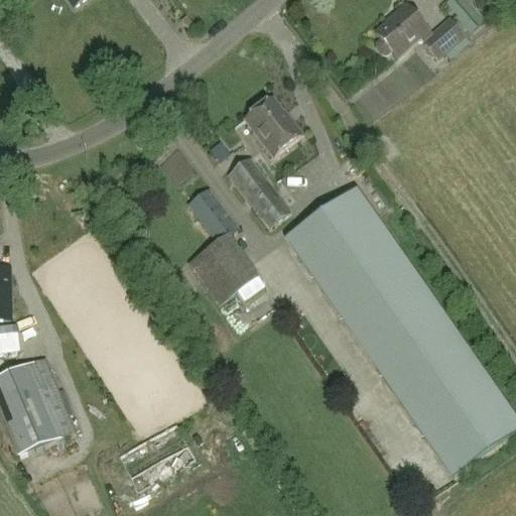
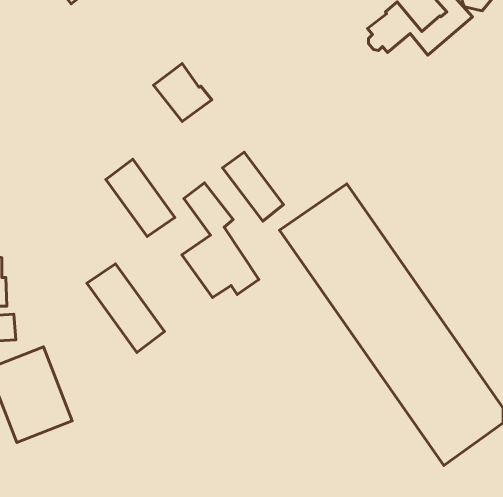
building: [243,94,302,153] -> [153,63,212,122]
building: none -> [106,159,175,236]
building: none -> [87,264,165,353]

